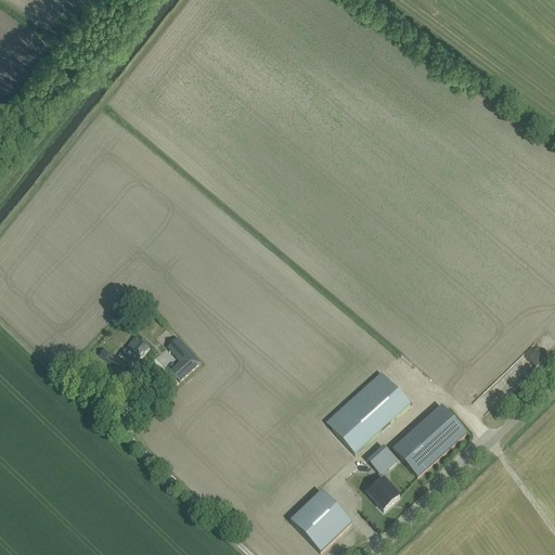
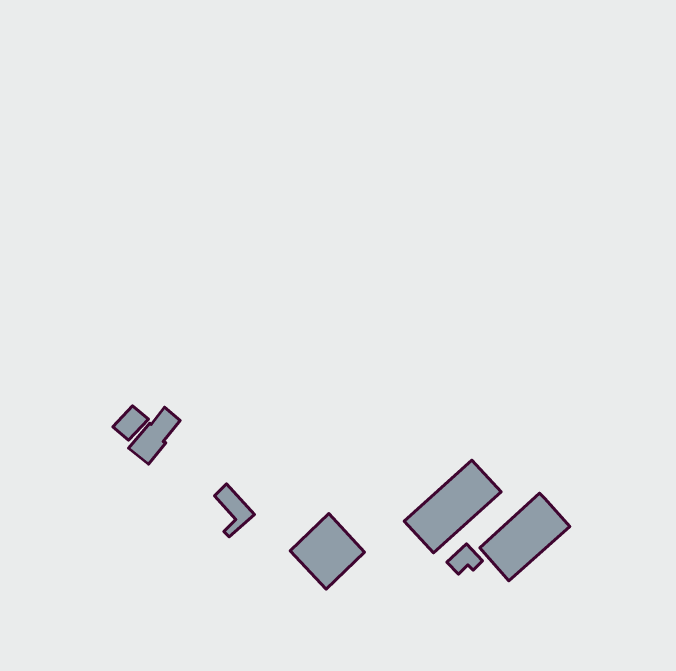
building: [167,335,199,378] -> [215,484,254,537]
building: [366,476,406,508] -> none
building: [291,481,351,543] -> [290,514,365,589]

